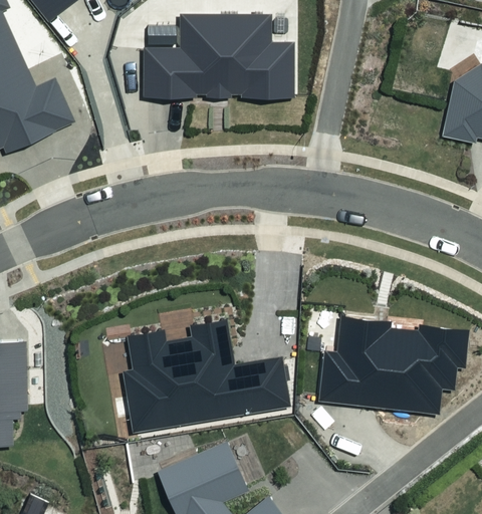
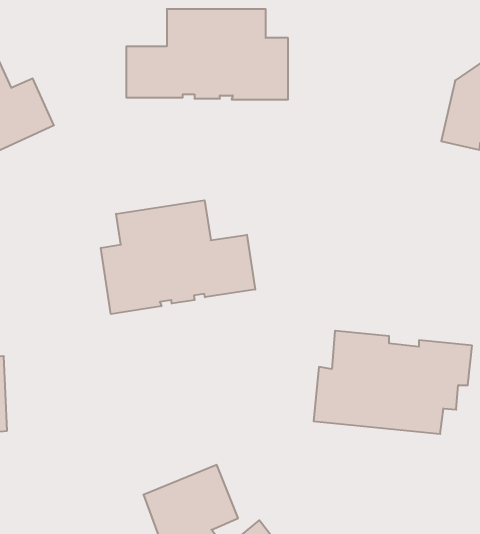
building: none -> [101,200,255,314]
building: [124,319,290,432] -> none

